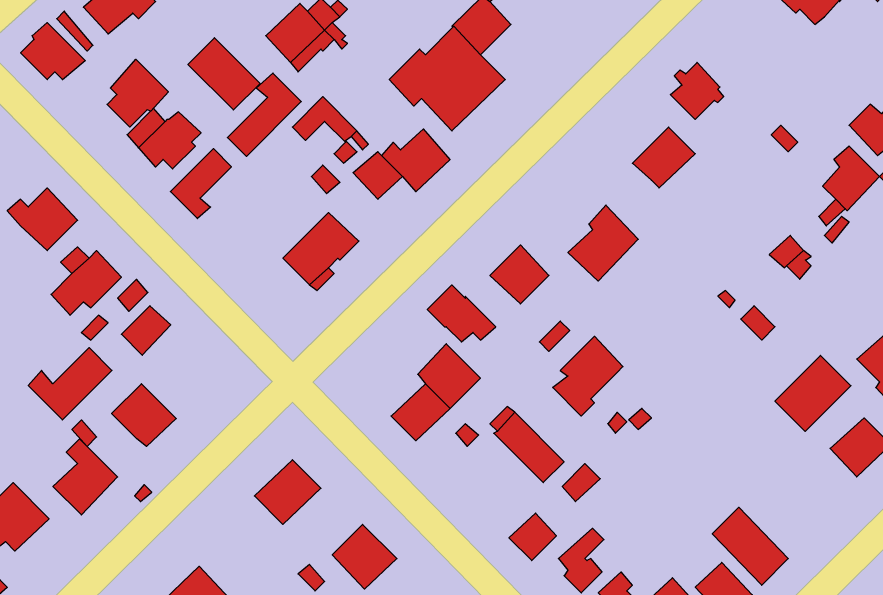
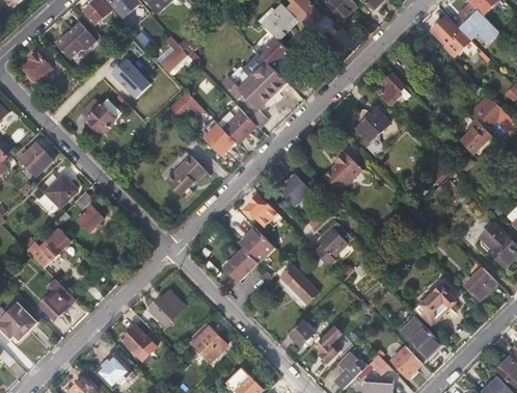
building: [107,59,168,127] -> none
building: [227,73,301,156] -> none
building: [170,149,231,219] -> none
building: [775,355,851,431] -> [415,284,457,325]
building: [112,384,176,446] -> none
building: none -> [120,323,151,353]

